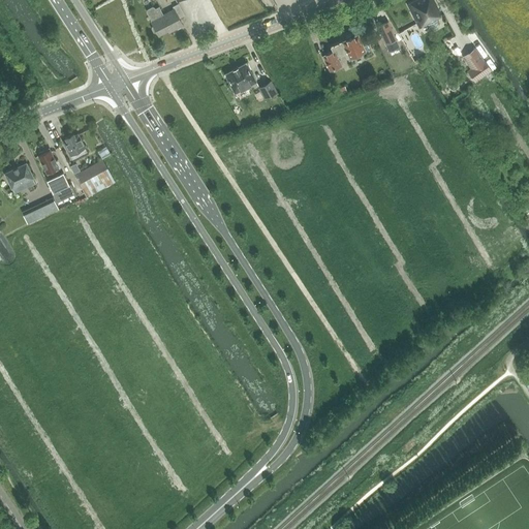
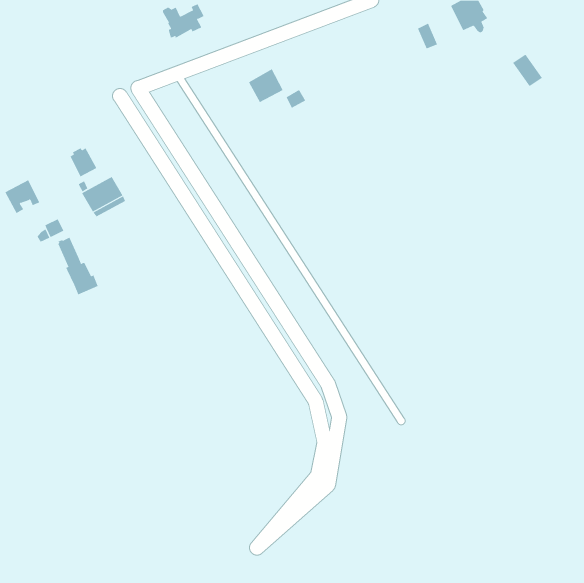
building: [322,34,371,71] -> none
building: [38,150,75,203] -> [57,237,99,295]

